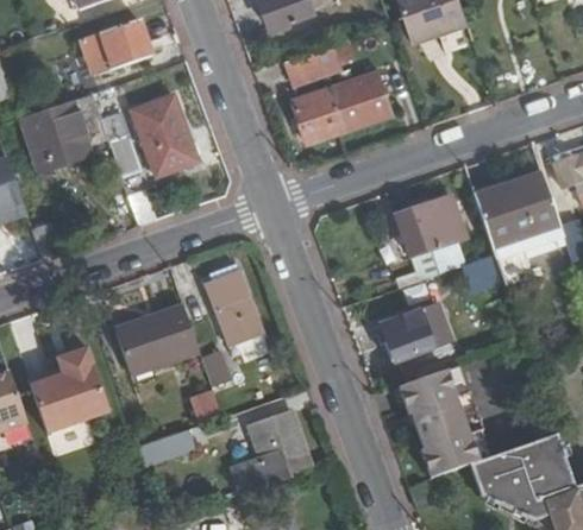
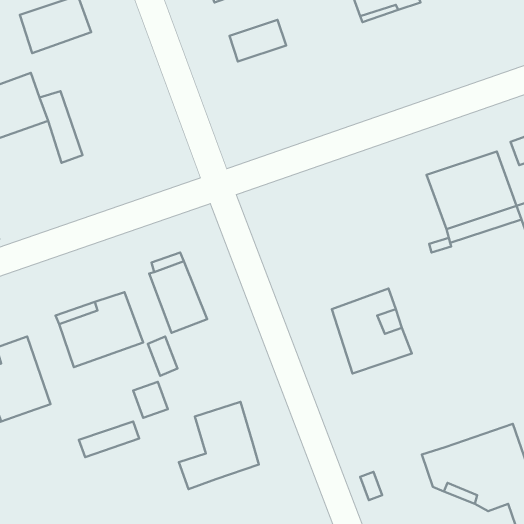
building: [290,65,389,138] -> none
building: [130,95,195,178] -> none
building: [395,196,466,277] -> none
building: [397,365,490,475] -> none

